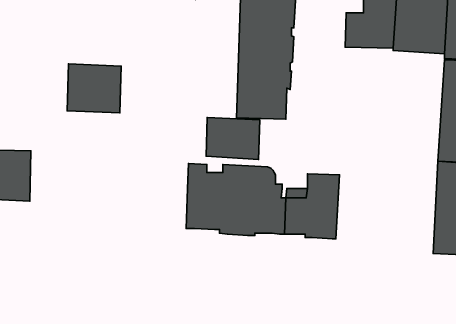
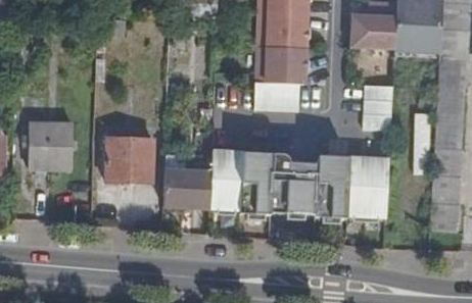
building: [67,64,121,113] -> [106,137,154,181]
building: none -> [365,83,394,129]
building: [206,117,260,160] -> [163,169,211,207]
building: none -> [344,156,390,216]

